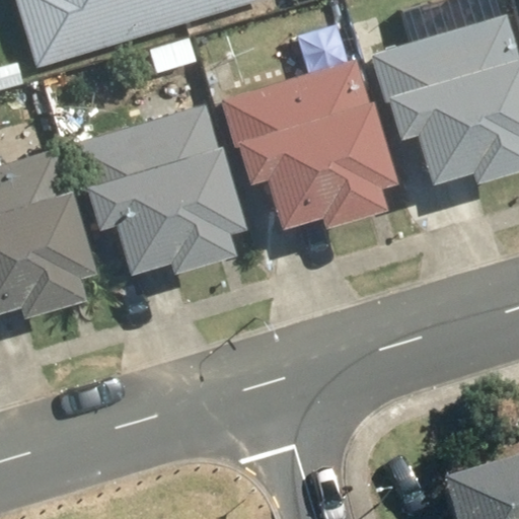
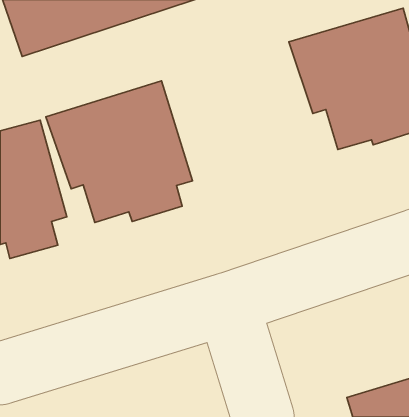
building: [225,58,394,229] -> none

